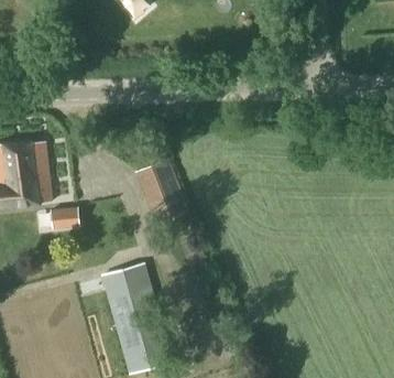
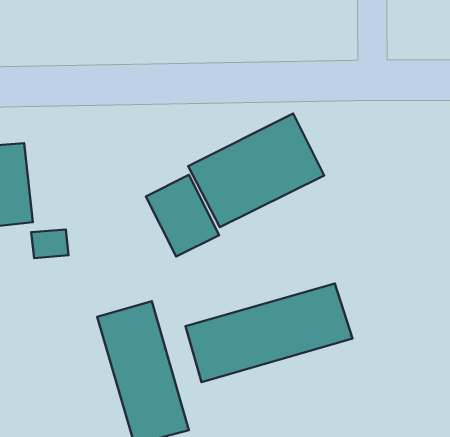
building: none -> [188,113,324,227]
building: none -> [185,283,352,382]

